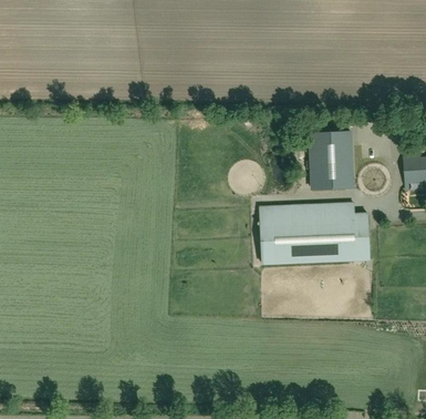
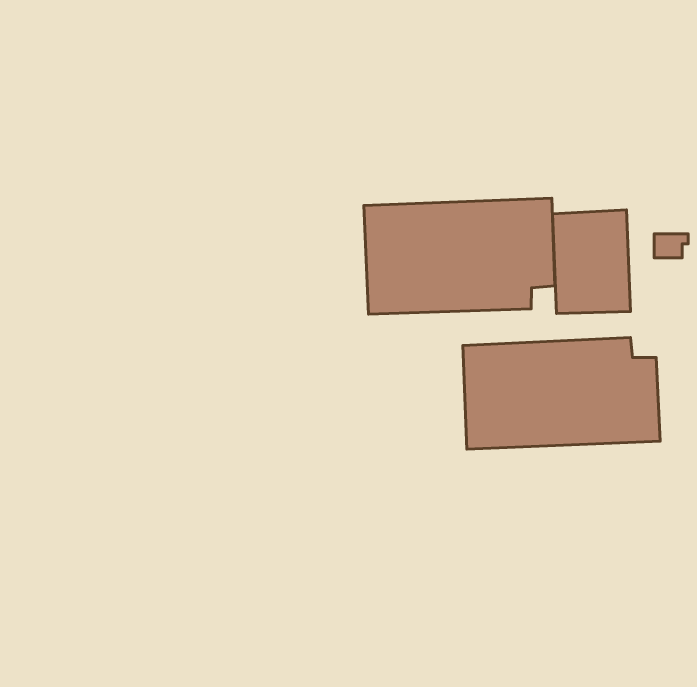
building: none -> [364,198,555,314]

